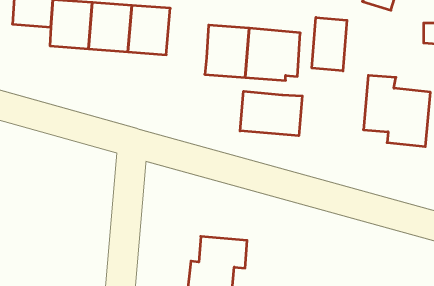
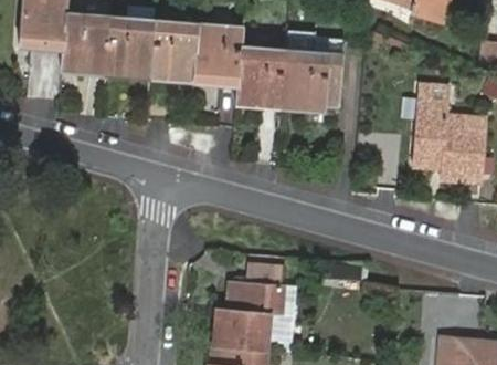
building: none -> [192,24,241,80]
building: [312,17,347,71] -> none
building: [240,91,302,136] -> none

